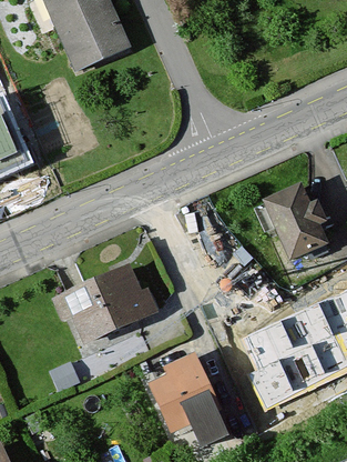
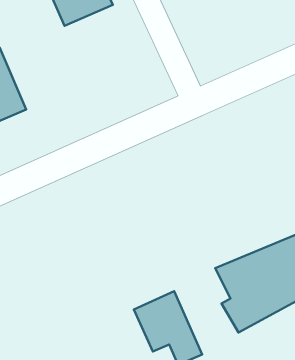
building: [266,184,324,254] -> none
building: [64,264,147,338] -> none

